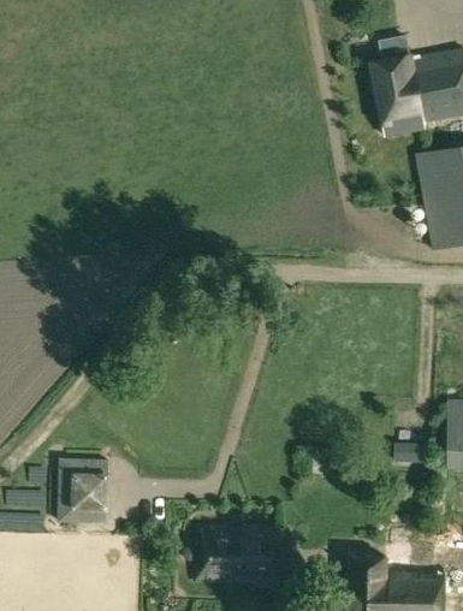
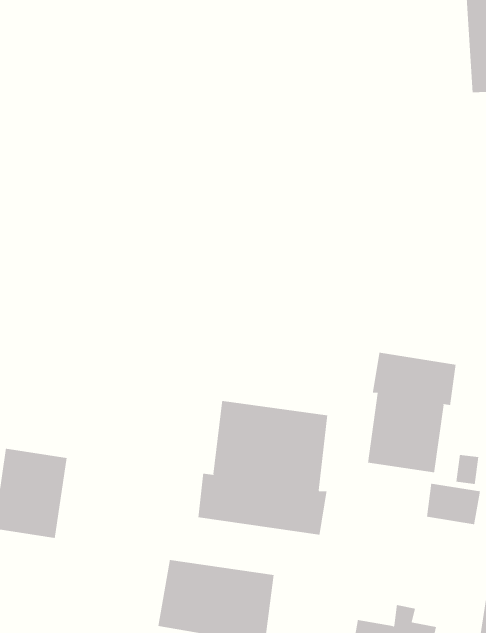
building: none -> [367,352,456,473]
building: none -> [198,400,328,536]

